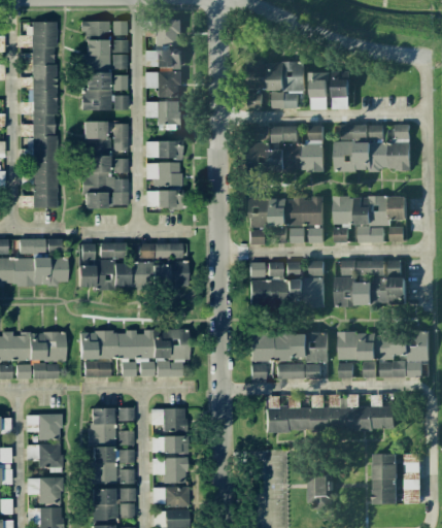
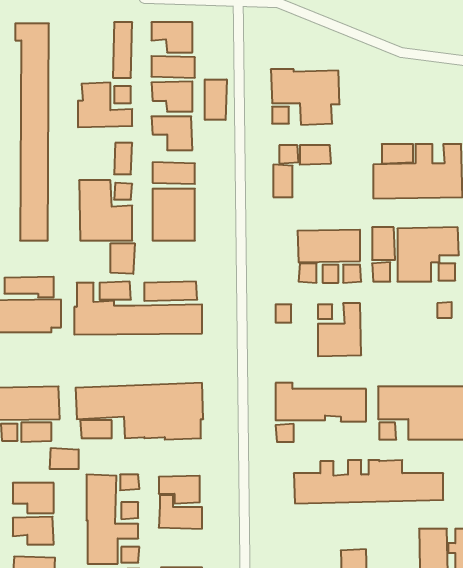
building: [82,21,110,72] -> none
building: none -> [205,79,227,120]
building: [311,72,329,109] -> none
building: [333,72,350,109] -> none
building: [82,121,108,154] -> none
building: [269,126,325,171] -> none
building: [249,197,267,244] -> none
building: none -> [111,243,135,274]
building: [250,262,285,305] -> none
building: [335,276,406,305] -> none
building: [278,363,321,380] -> none
building: none -> [50,448,79,469]
building: [152,457,188,483] -> none

